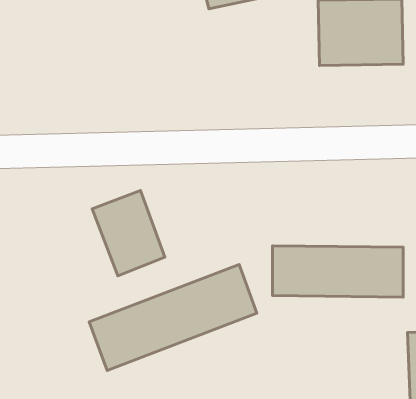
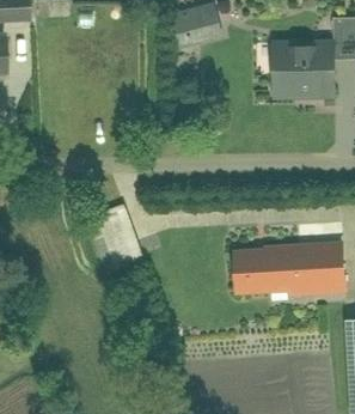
building: [89,265,257,370] -> none

